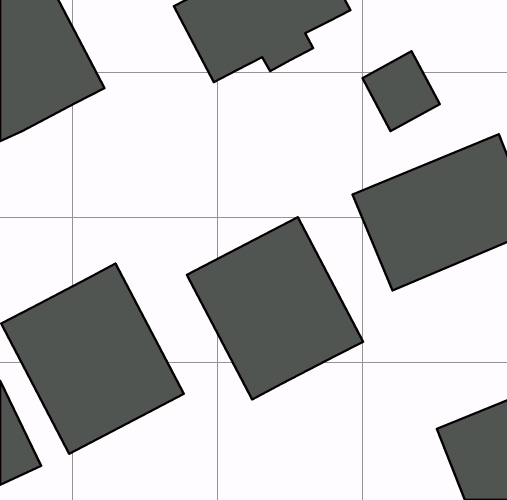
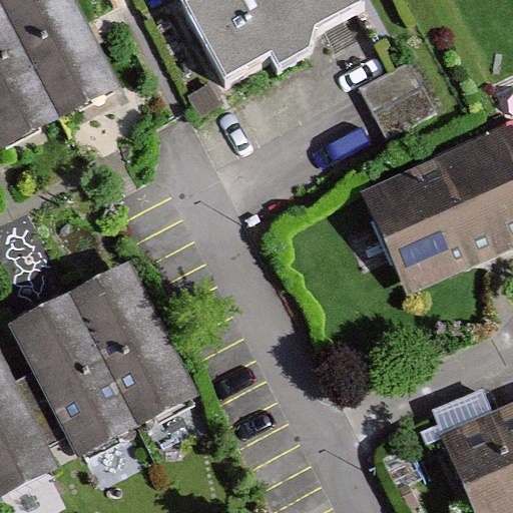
building: [187,217,363,399] -> none

